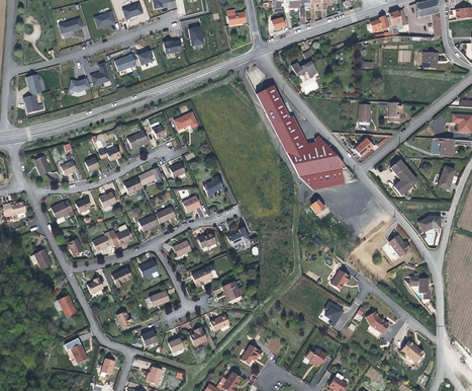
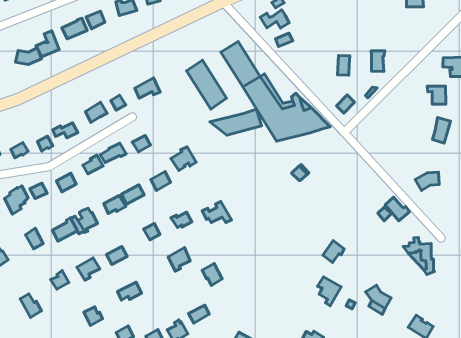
building: none -> [187,60,227,109]
building: [390,159,416,193] -> none
building: [297,168,343,189] -> [210,109,261,135]

